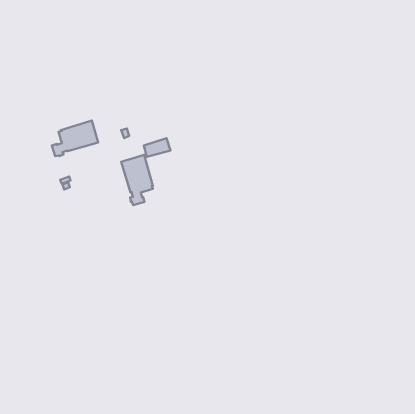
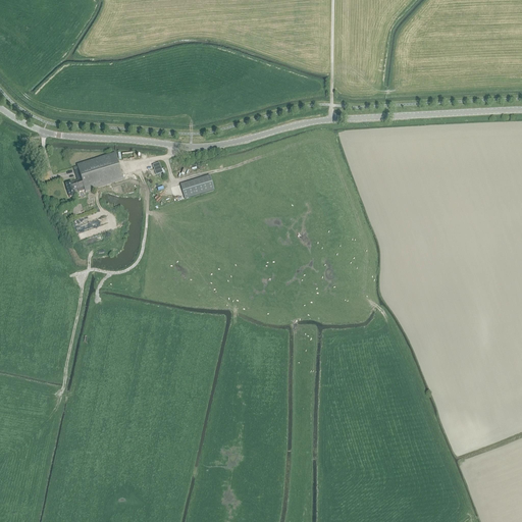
building: [121,155,153,205] -> none

